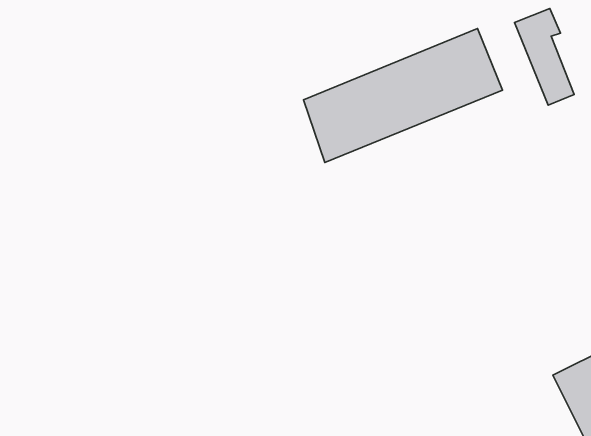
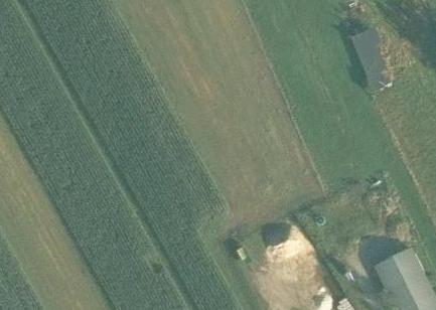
building: [303,29,503,162] -> none

